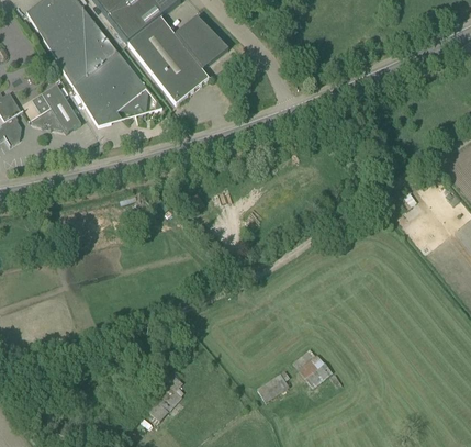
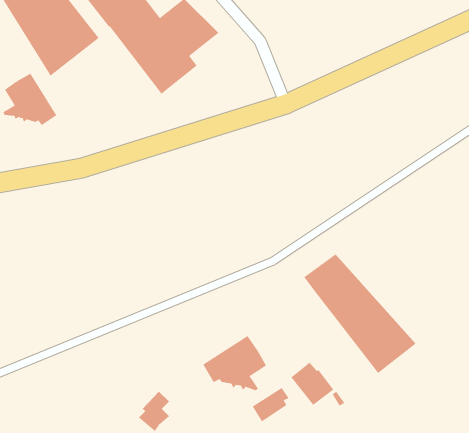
building: [74,52,148,124] -> none
building: none -> [303,253,417,374]
building: none -> [203,335,267,392]

